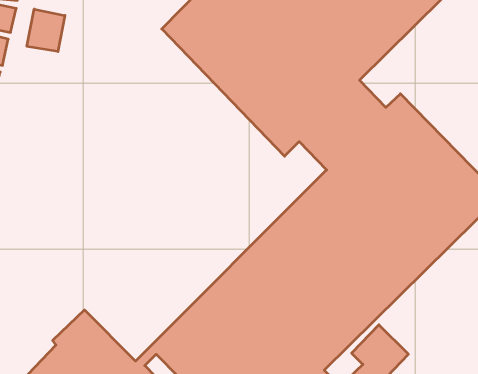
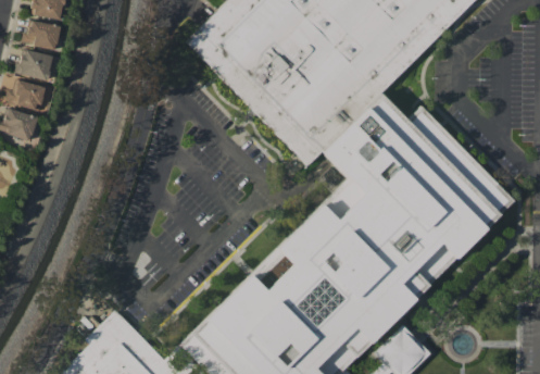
building: [27,9,65,52] -> none

